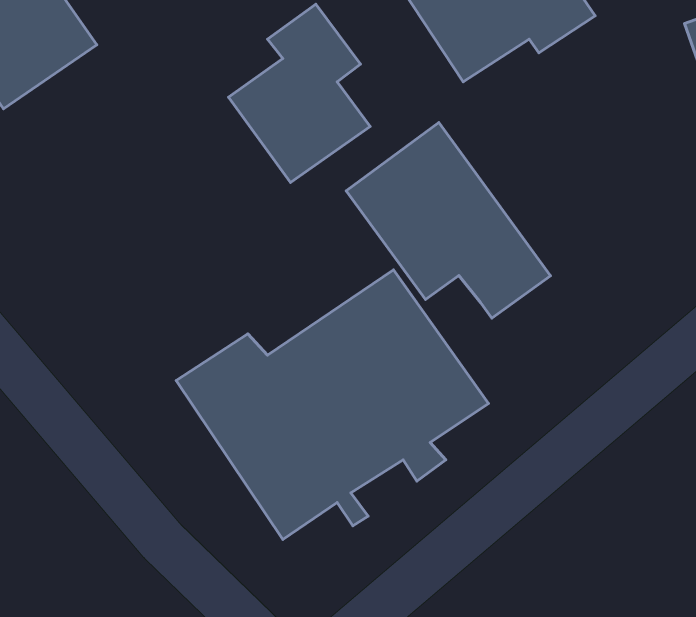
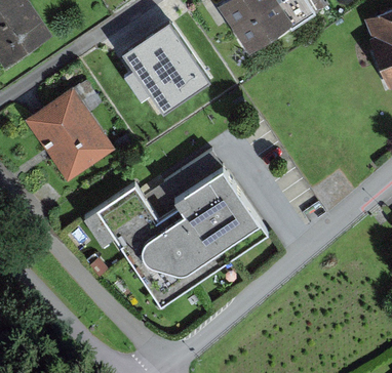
building: [346,122,550,318] -> none
building: none -> [25,87,115,182]

